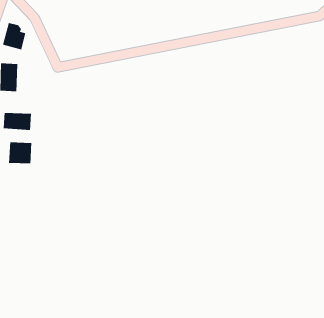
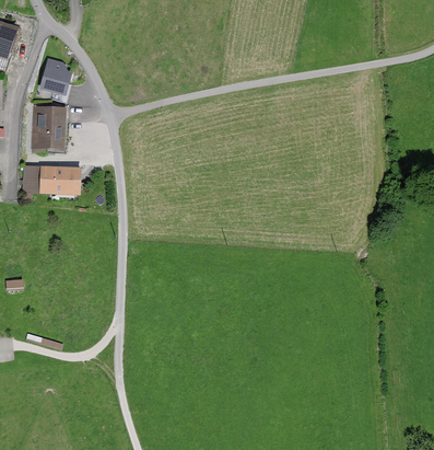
building: [9,141,32,164] -> none

